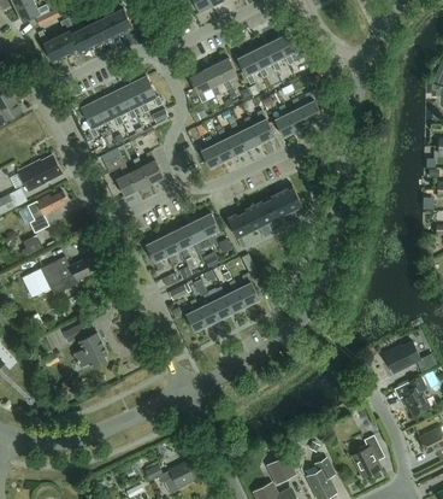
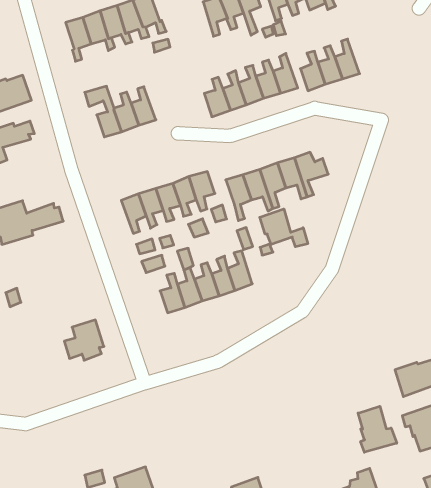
building: none -> [260,209,308,247]
building: [73,334,106,368] -> [64,320,104,360]
building: none -> [358,406,397,452]

